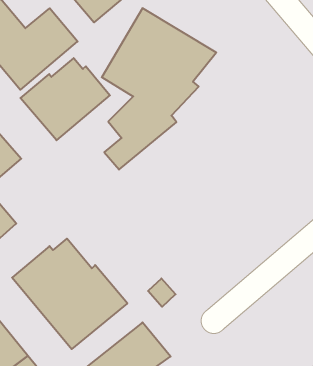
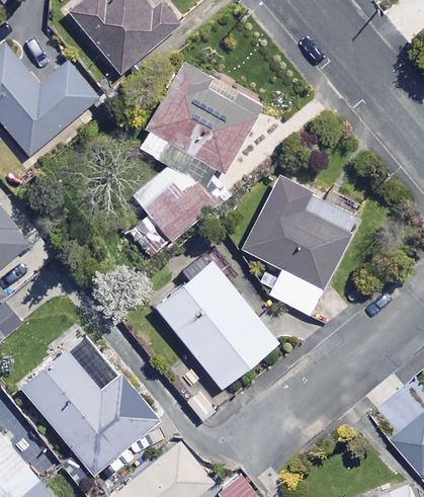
building: [20,58,110,140] -> none
building: none -> [244,177,358,316]
building: none -> [154,260,277,389]

